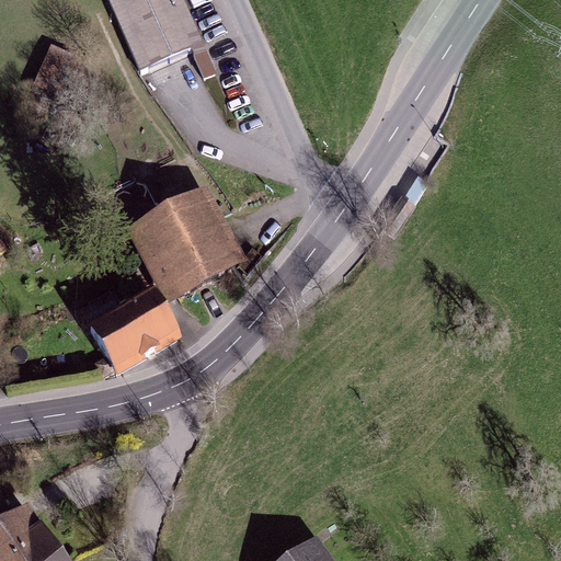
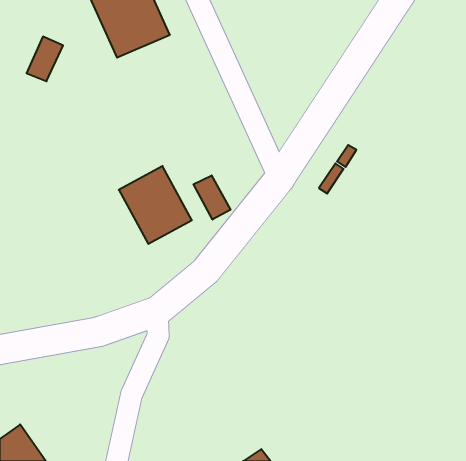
building: none -> [193,175,231,220]
building: [90,290,178,370] -> none

